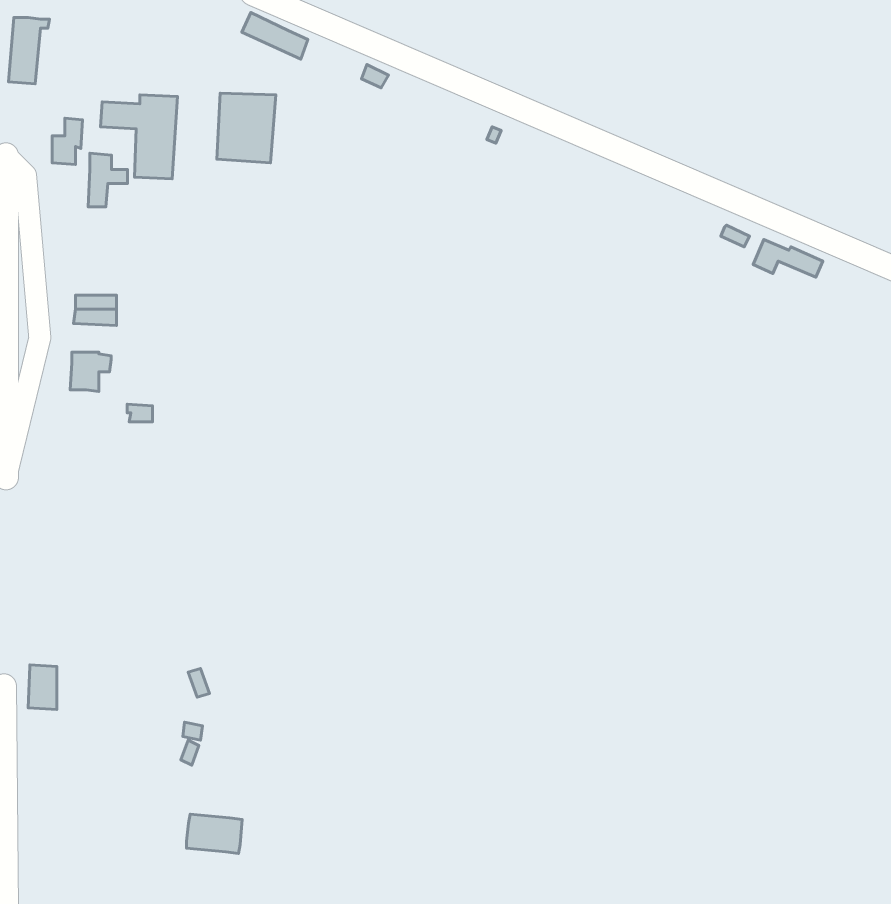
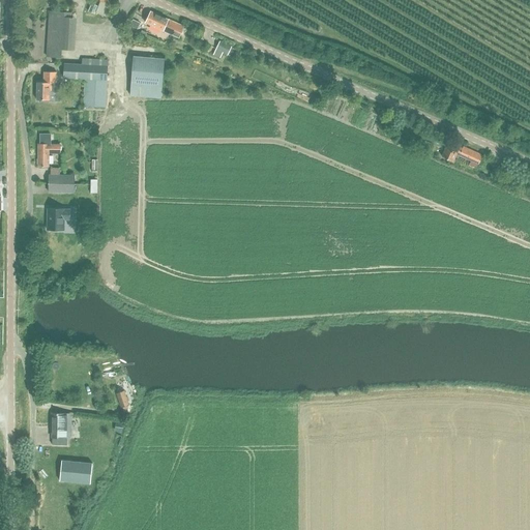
building: [8,18,50,84] -> [47,12,70,51]
building: [88,153,127,207] -> [37,136,60,167]
building: [28,665,57,709] -> [52,413,68,439]
building: [187,814,242,854] -> [59,461,91,483]

